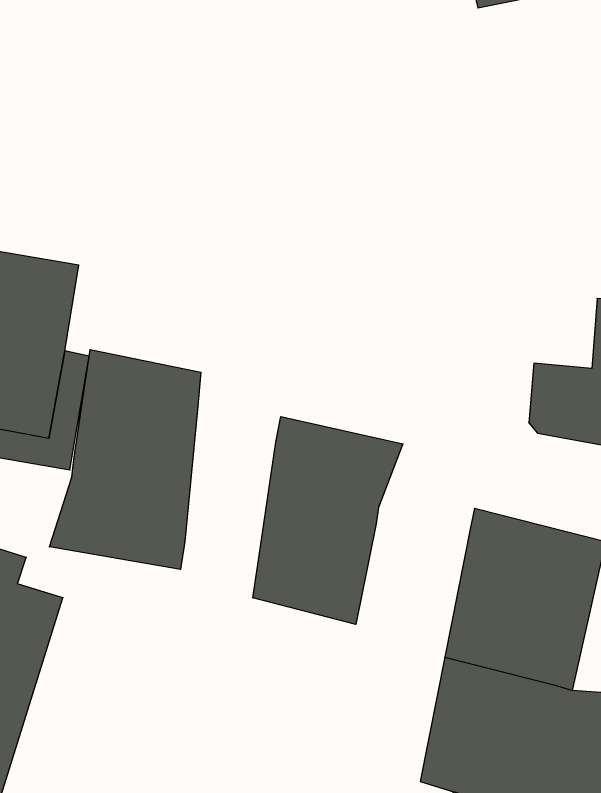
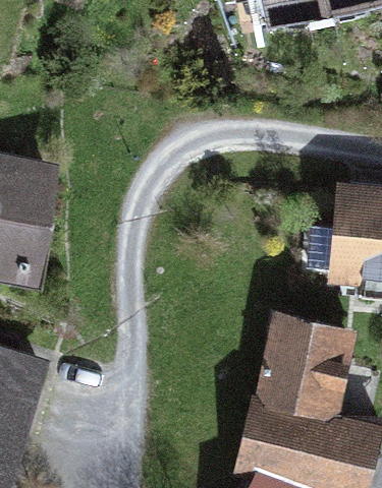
building: [49,350,201,569] -> none
building: [253,417,403,624] -> none

